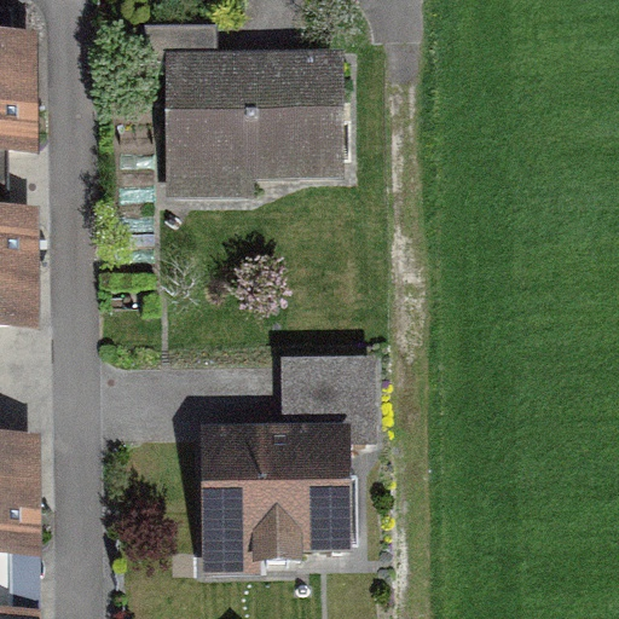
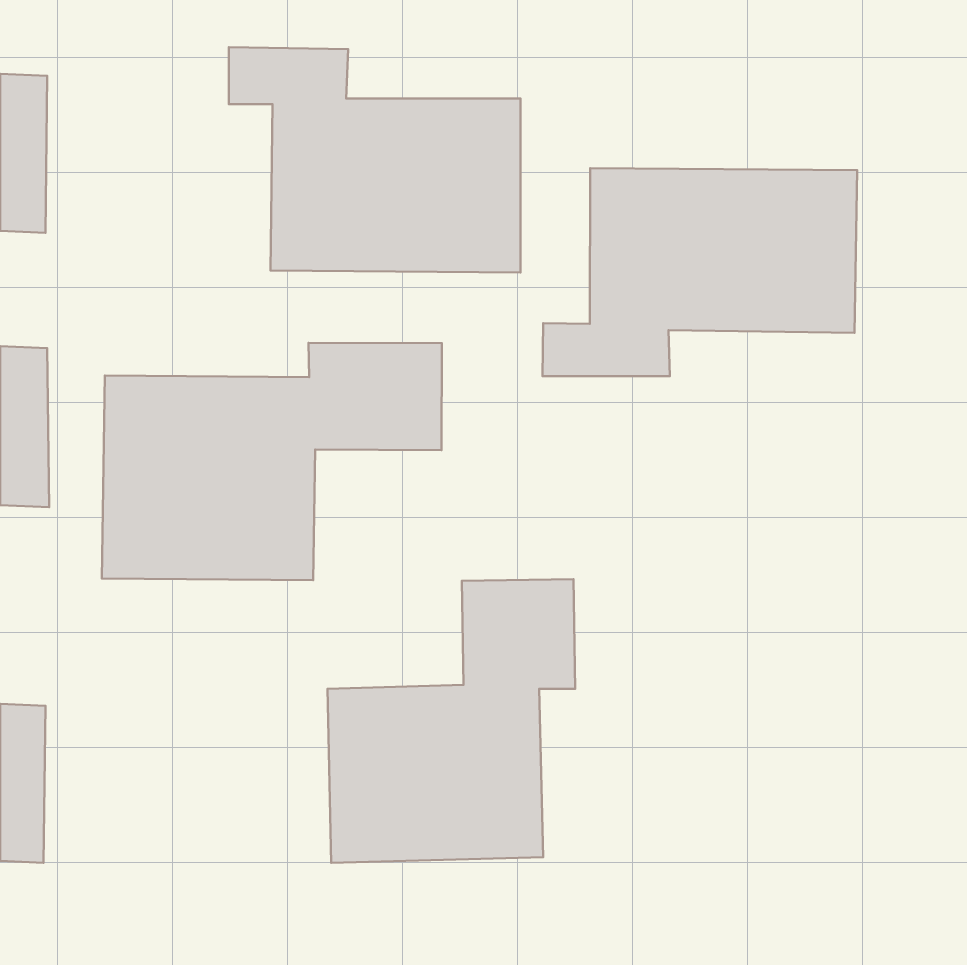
building: none -> [542,168,857,376]
building: none -> [102,343,442,580]

